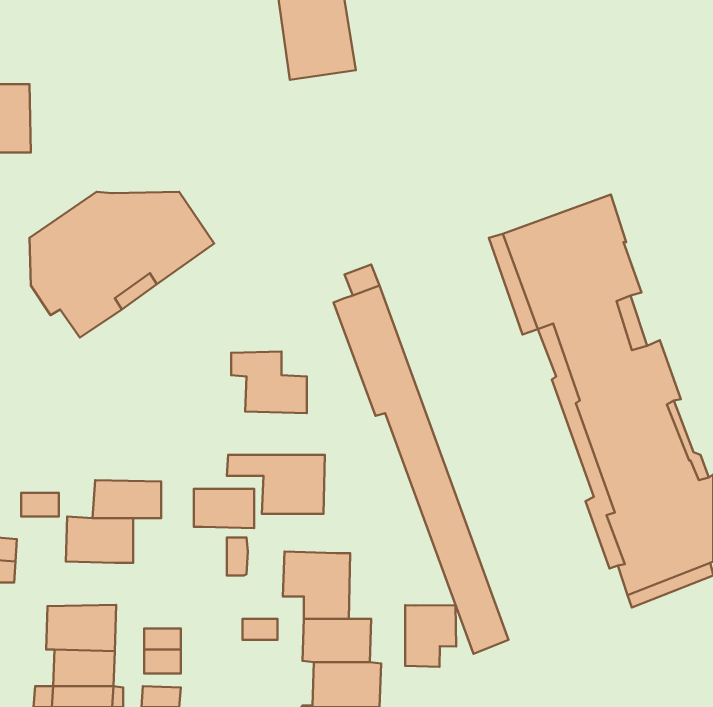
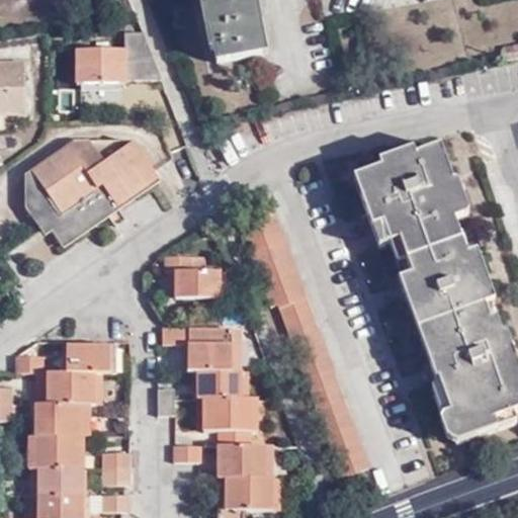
building: none -> [76,29,152,82]
building: [194,489,254,528] -> [199,371,243,400]
building: none -> [34,406,84,438]
building: [405,605,456,667] -> none

